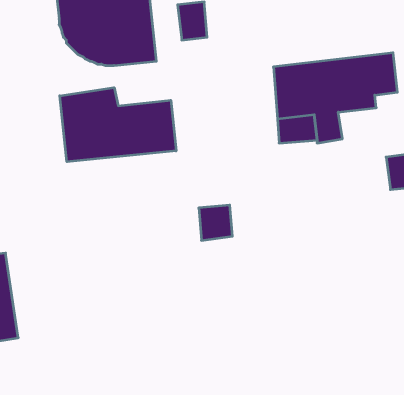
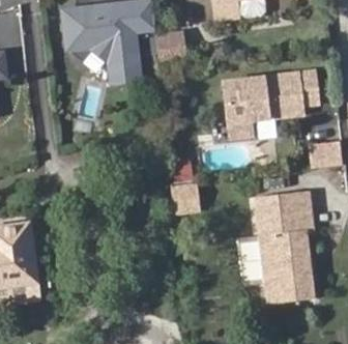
building: [60,88,176,162] -> none
building: none -> [255,190,316,302]

